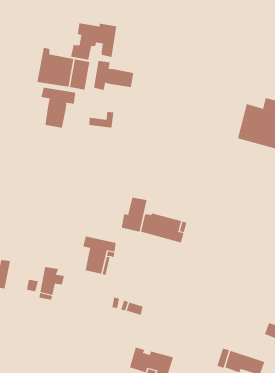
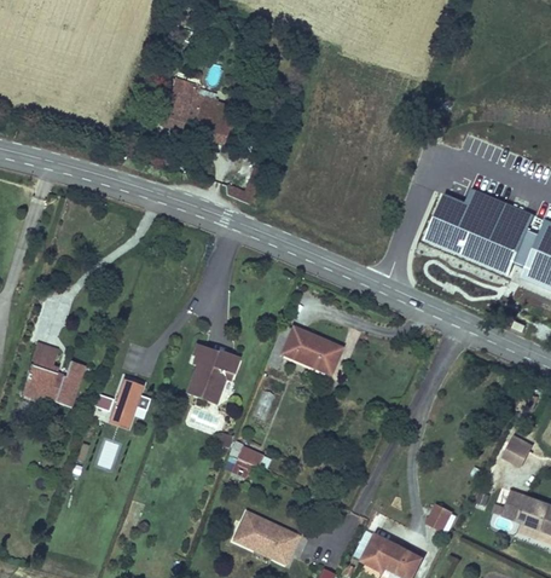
building: [71,23,117,61] -> none
building: [93,60,134,91] -> none
building: [41,87,76,128] -> none
building: [121,197,147,233] -> none

